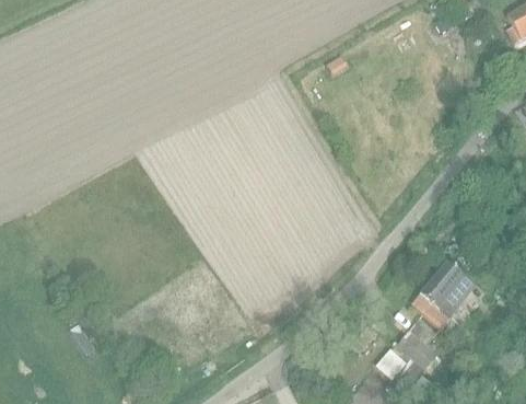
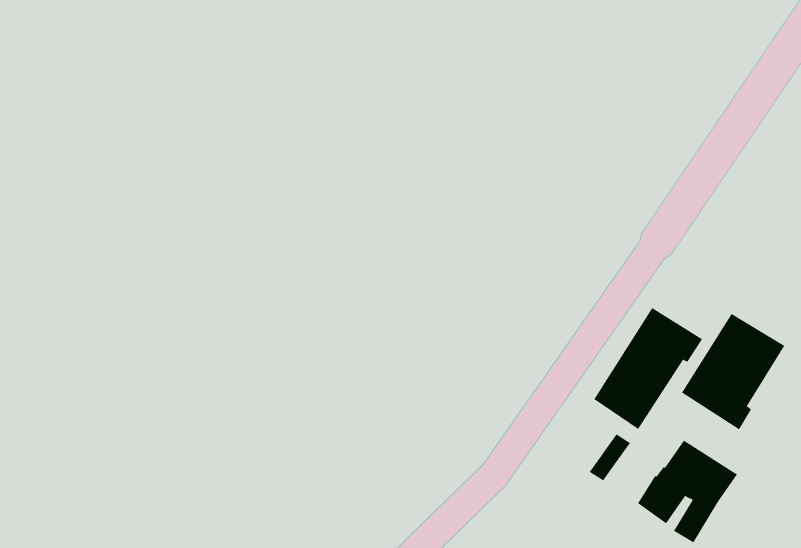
building: none -> [593,307,703,430]

